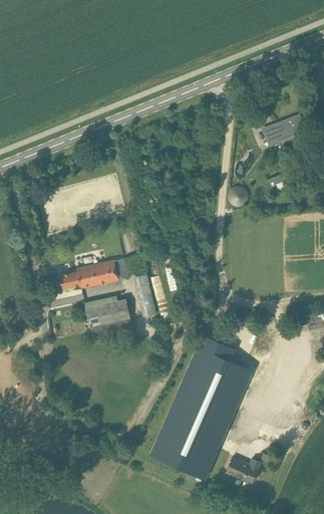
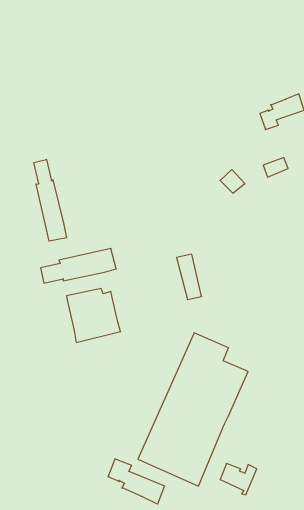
building: none -> [34,159,66,241]
building: [132,275,155,317] -> [177,254,202,300]
building: none -> [108,459,165,504]

